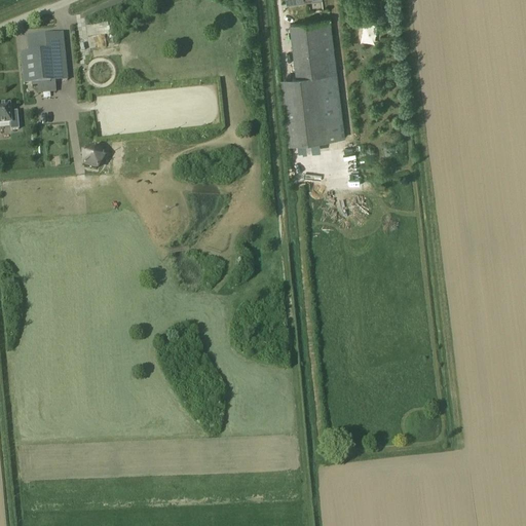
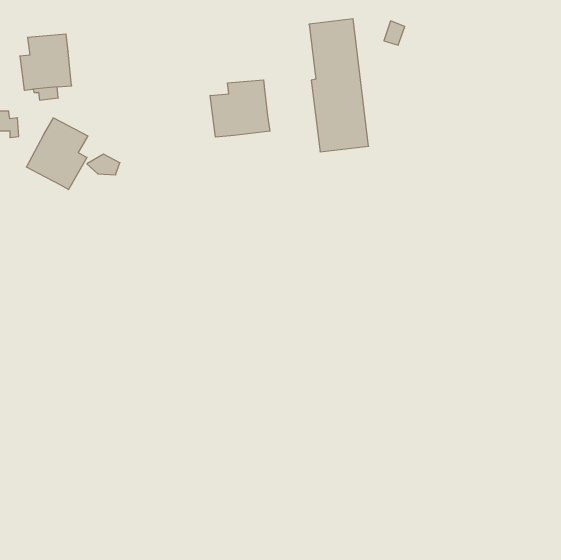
building: none -> [210,80,270,137]
building: none -> [26,118,88,190]

